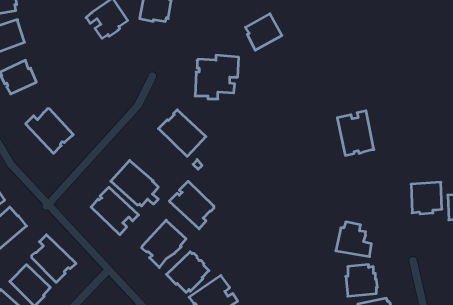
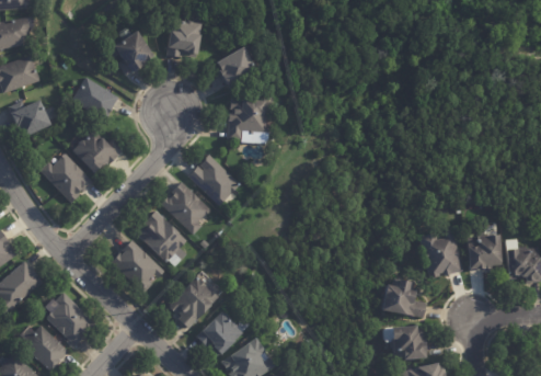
building: [245,14,282,50] -> [217,47,257,88]
building: none -> [71,77,117,119]
building: none -> [72,130,120,173]
building: [337,111,374,155] -> [421,229,461,278]
building: [169,181,214,229] -> [160,182,209,235]

